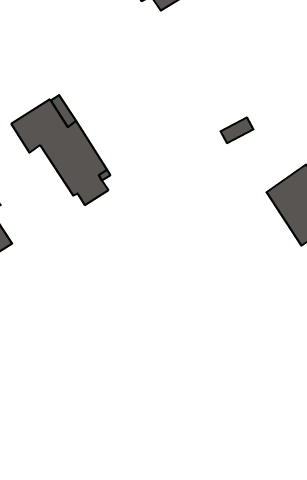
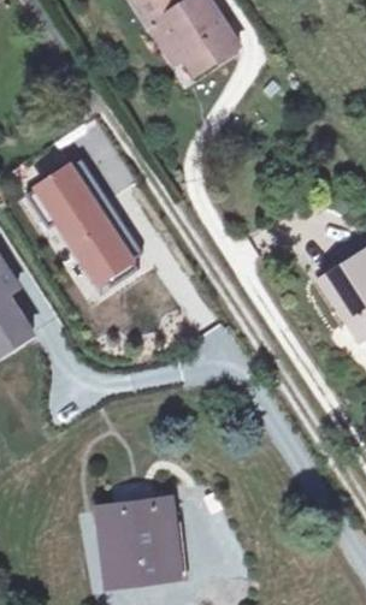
building: none -> [98,508,176,588]

